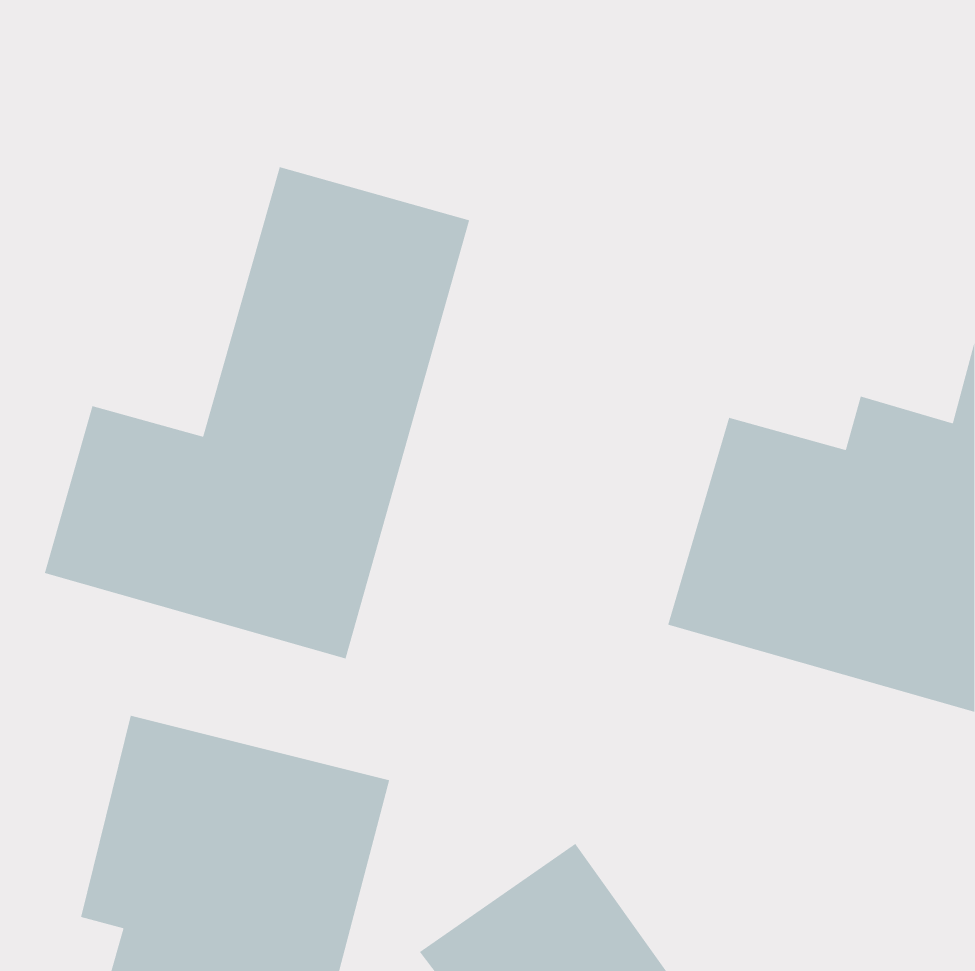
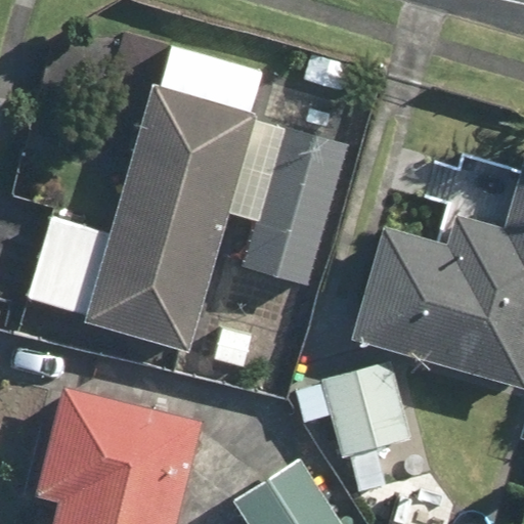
building: none -> [236,125,344,289]
building: none -> [293,349,411,501]

